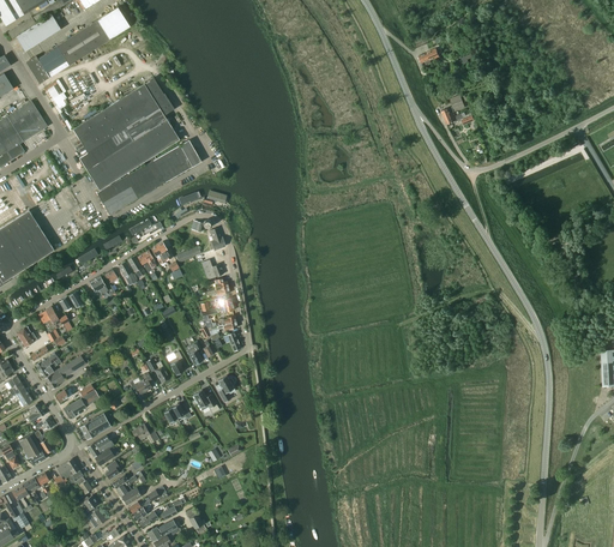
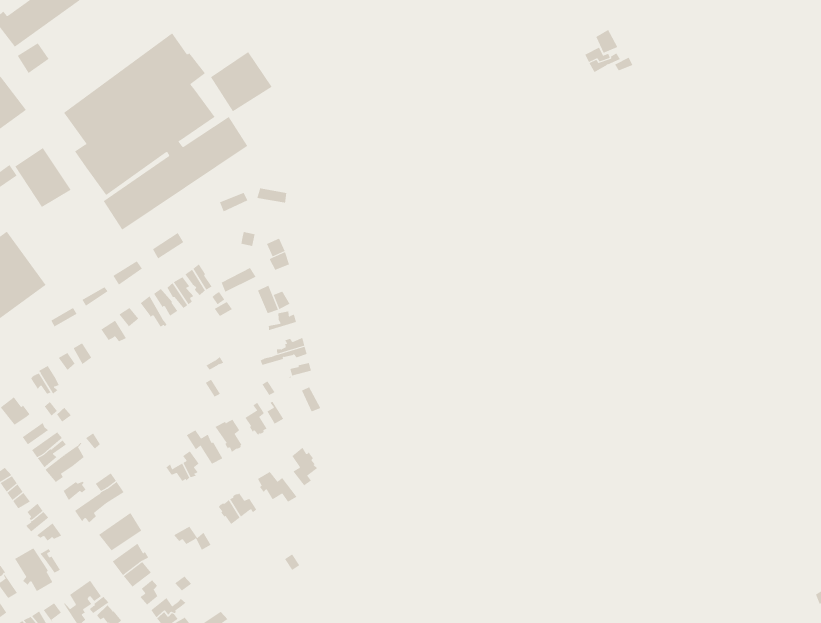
building: none -> [210,51,272,112]
building: none -> [15,147,71,208]

